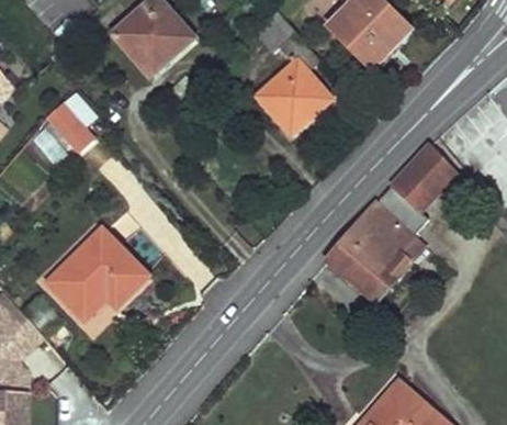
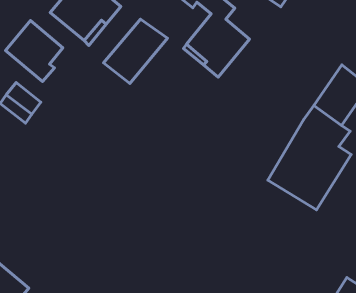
building: none -> [5,20,63,81]
building: none -> [104,19,168,83]
building: [49,228,148,317] -> none

